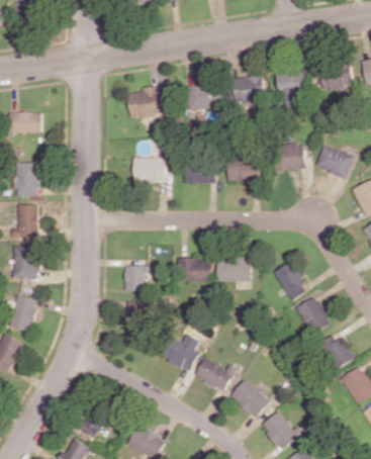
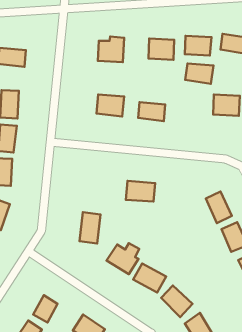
building: [226,160,259,182] -> [185,63,213,84]
building: [216,258,251,281] -> none
building: [124,265,144,291] -> none

